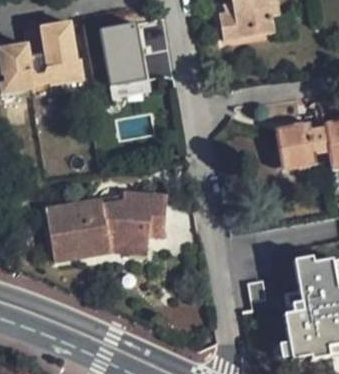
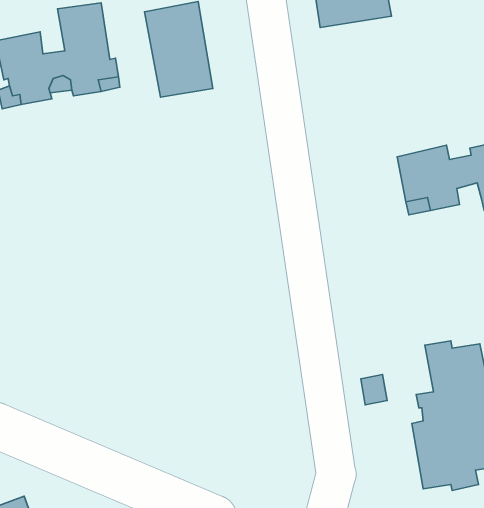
building: [48,191,167,260] -> none

